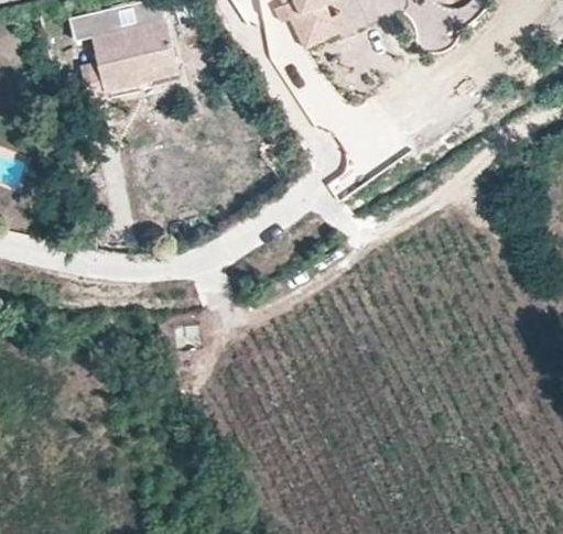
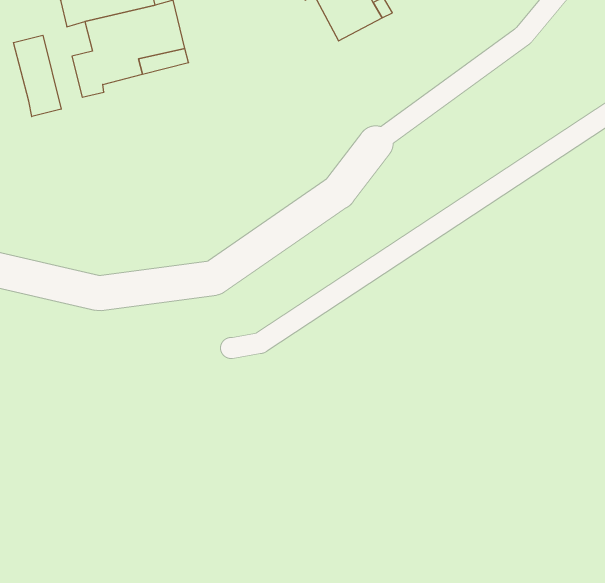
building: none -> [13,35,61,117]

